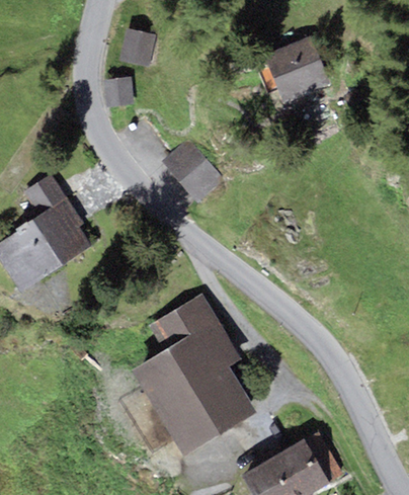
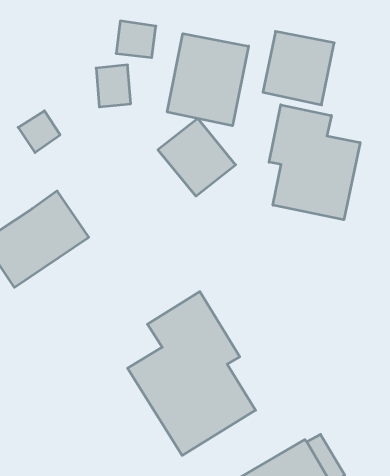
building: none -> [167,34,249,126]
building: none -> [269,105,360,220]
building: [23,175,64,216] -> [18,111,60,153]

